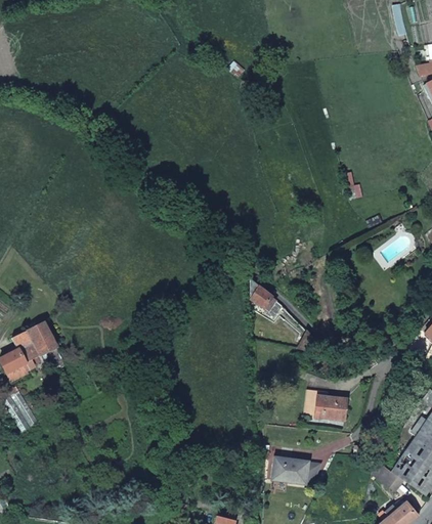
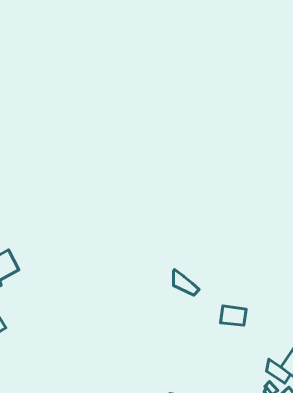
building: [252,280,285,313] -> [174,269,199,295]
building: [271,458,309,484] -> none

